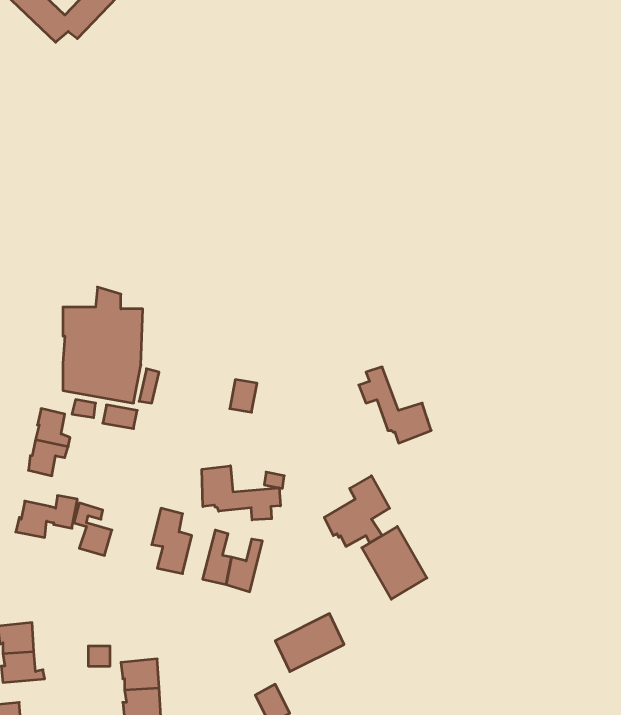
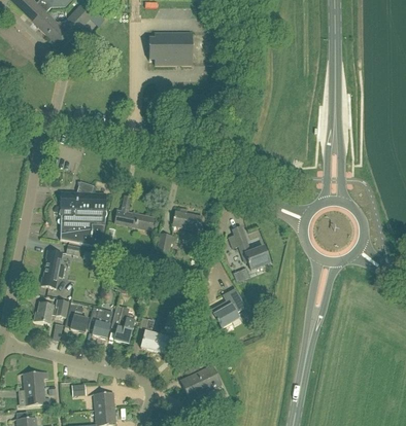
building: none -> [147,31,191,64]
building: none -> [113,194,153,229]
building: none -> [172,206,202,229]
building: [202,466,280,520] -> none
building: none -> [89,309,112,338]
building: [362,526,427,599] -> none

